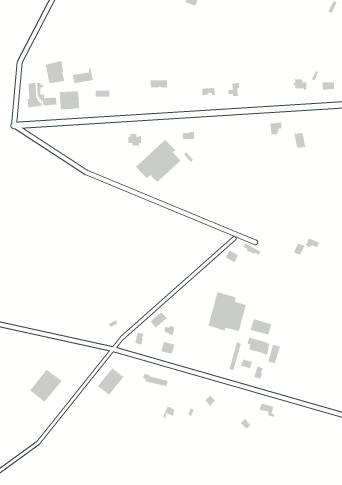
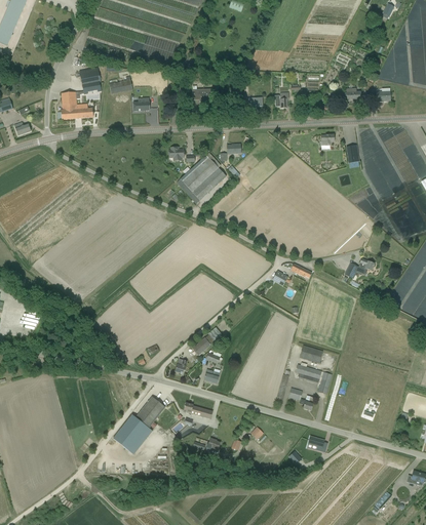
building: [59,90,80,110] -> none
building: [207,291,247,332] -> none
building: [29,368,63,403] -> [113,414,149,451]

